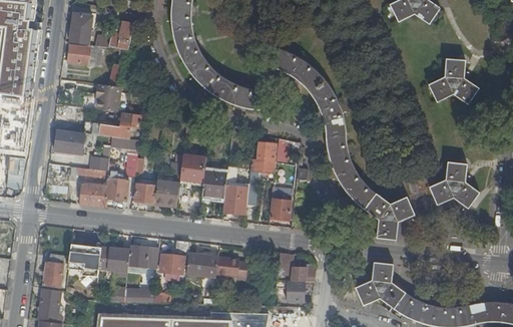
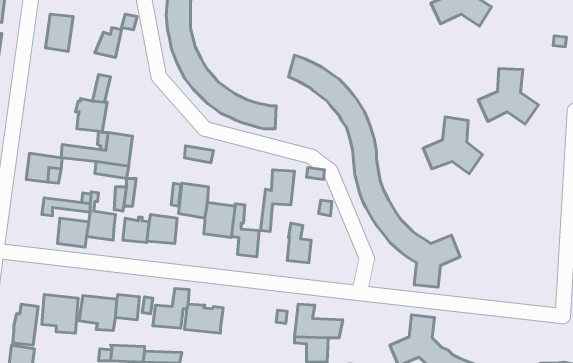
building: [68,44,101,64] -> none
building: [430,161,479,209] -> [423,117,483,174]
building: [215,256,247,280] -> none

